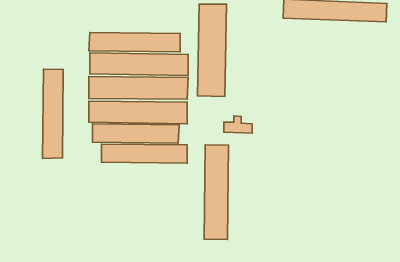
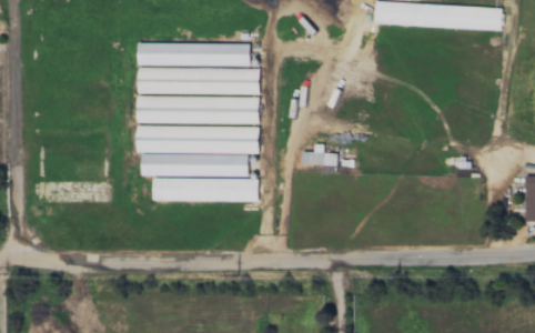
building: [198,4,227,96] -> none
building: [43,69,63,158] -> none
building: [204,145,228,240] -> none

